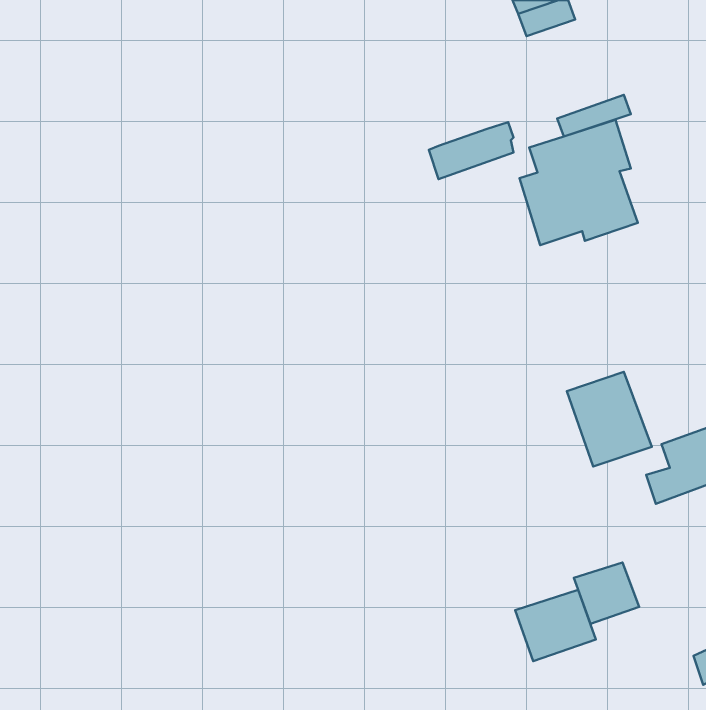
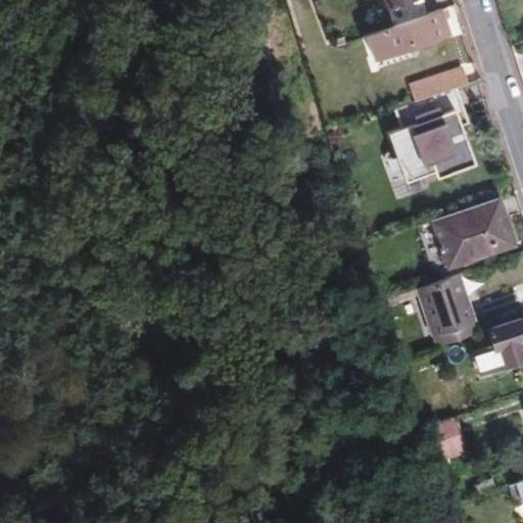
building: [429,122,514,179] -> [383,10,445,52]
building: none -> [434,201,515,268]
building: [515,590,596,661] -> none

